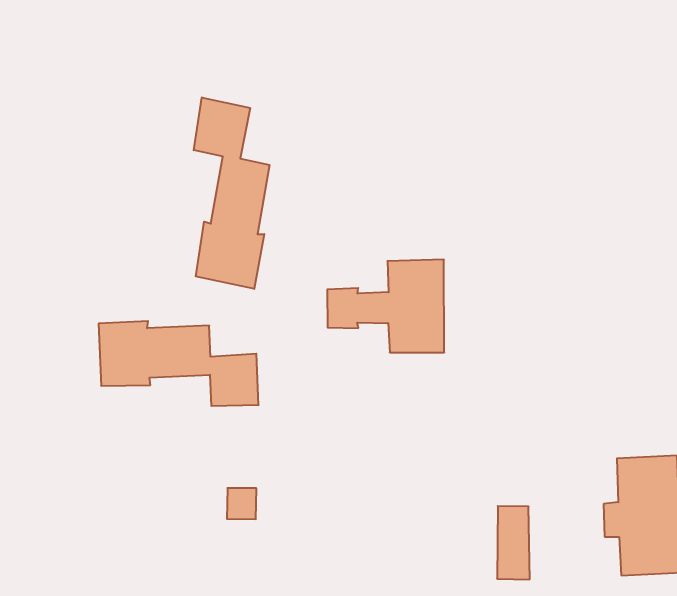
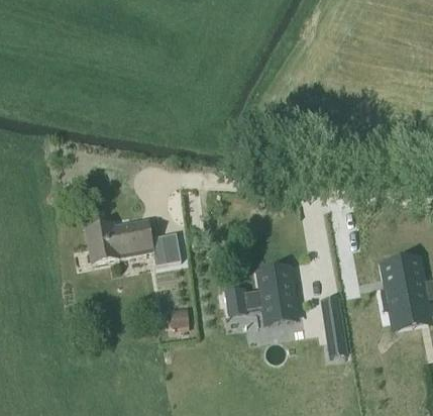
building: [194,97,269,289] -> none
building: [327,260,444,352] -> [226,267,296,322]

